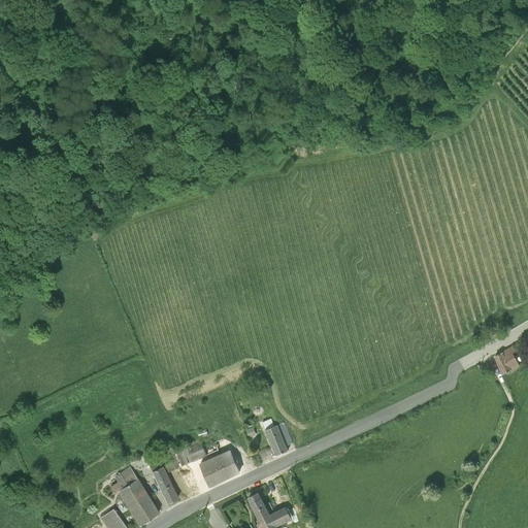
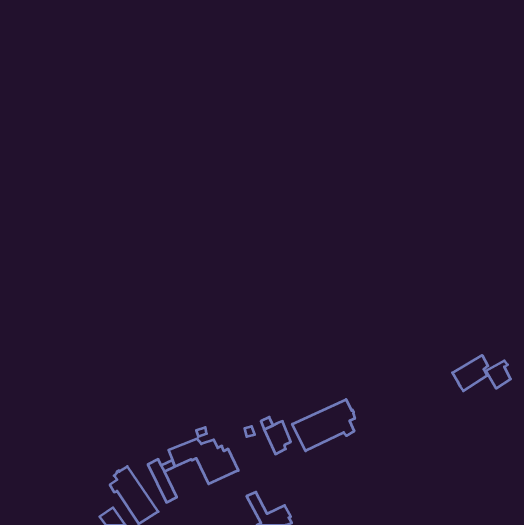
building: none -> [452,355,488,391]
building: none -> [292,399,355,451]

